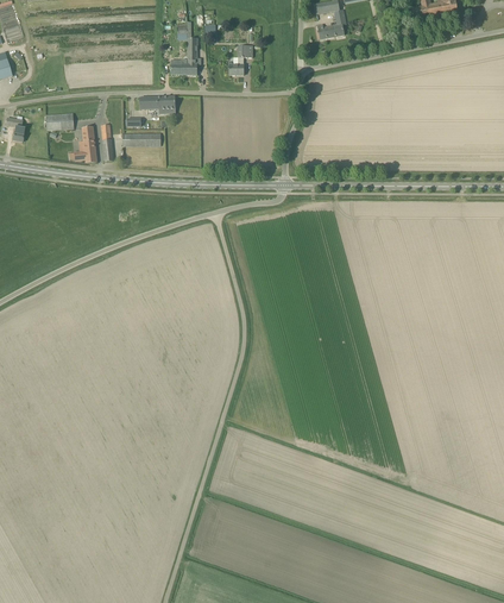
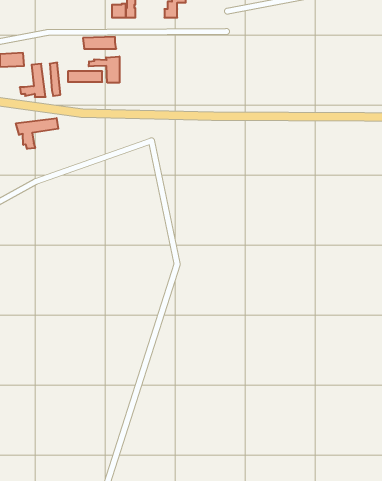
building: none -> [89,56,119,83]
building: none -> [16,118,58,149]

